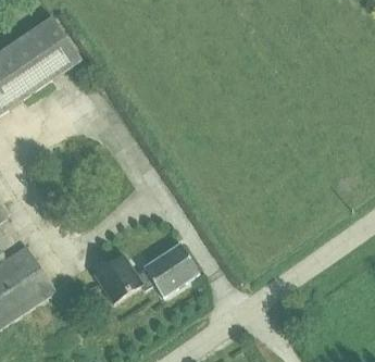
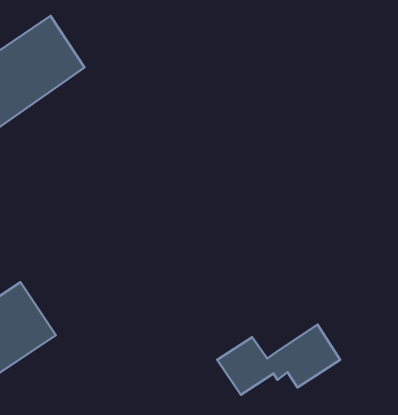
building: [92,244,199,304] -> [217,325,340,395]

